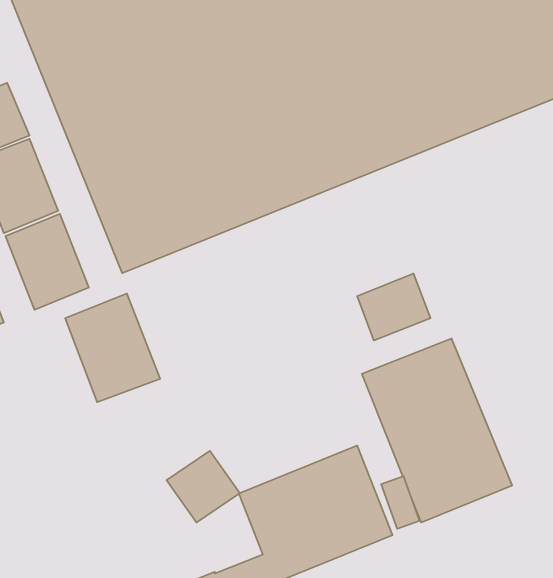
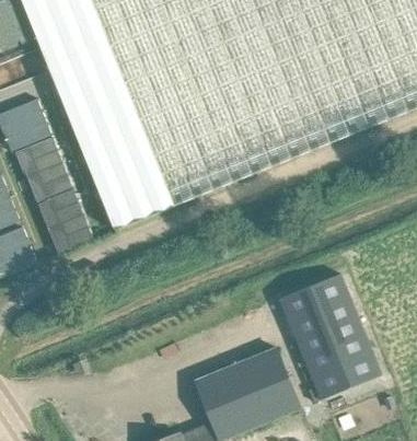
building: [357,274,430,341] -> none
building: [65,293,160,402] -> none
building: [166,451,240,522] -> none

